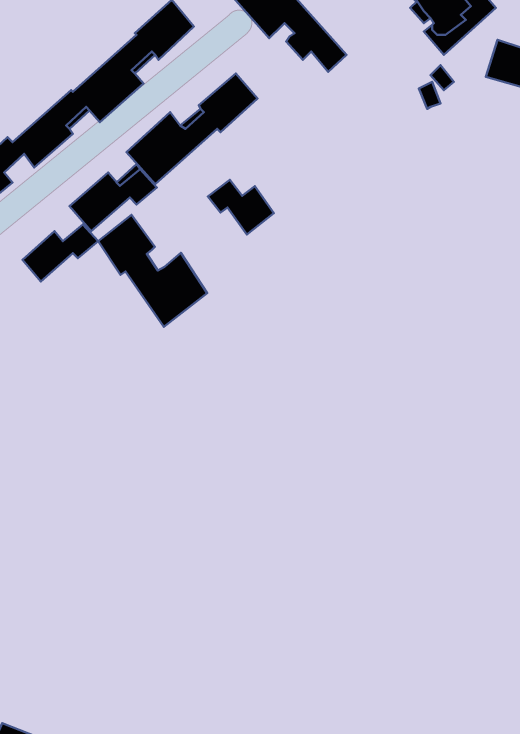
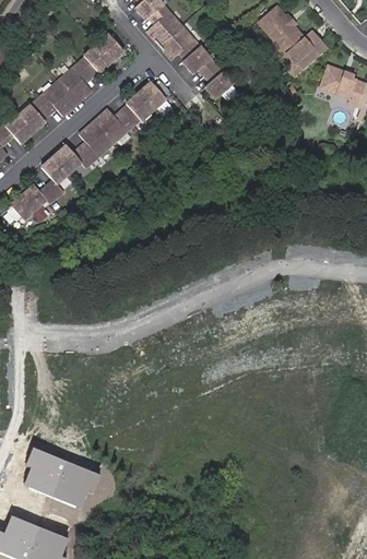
building: [208,180,274,234] -> none
building: [98,215,207,327] -> none
building: none -> [15,443,94,503]

